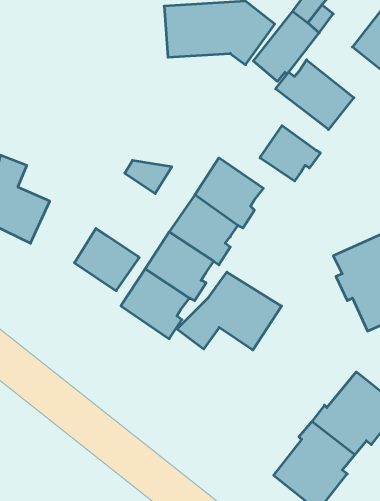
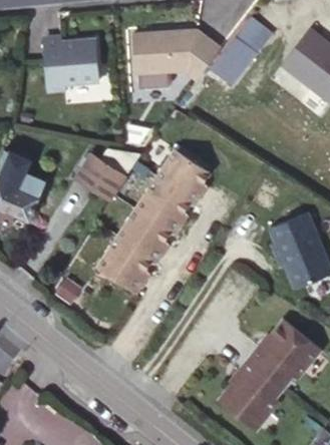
building: none -> [46,37,100,88]
building: [276,60,354,130] -> none
building: [260,126,320,181] -> none
building: [74,228,139,291] -> [75,157,126,206]
building: [177,272,282,350] -> none

